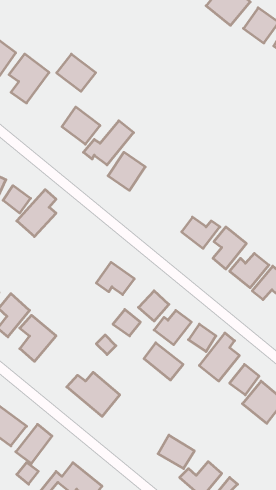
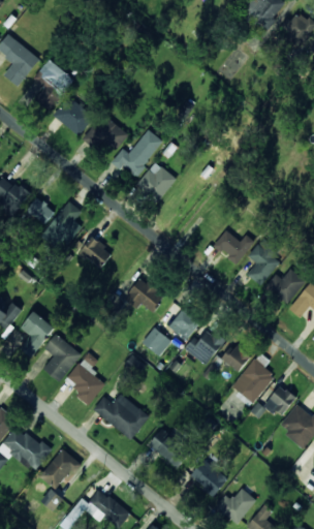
building: [57,54,96,91] -> [53,96,94,135]
building: none -> [73,232,113,268]
building: none -> [68,352,105,404]
building: [144,343,183,380] -> [149,429,190,468]

